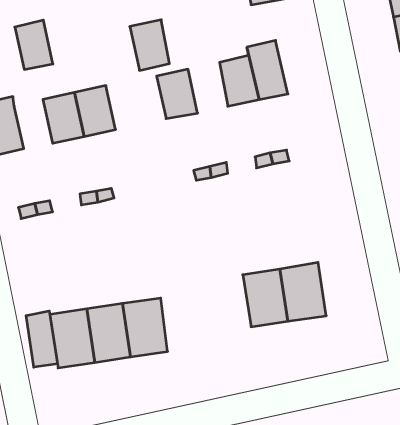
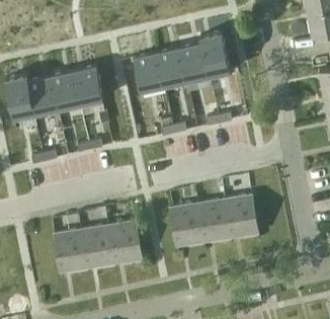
building: [130,20,169,70] -> [156,48,185,85]
building: [15,20,53,69] -> [27,75,56,111]
building: none -> [170,205,202,248]
building: [26,311,57,367] -> none

